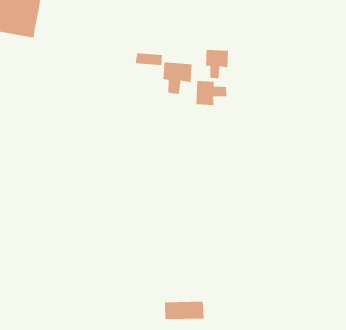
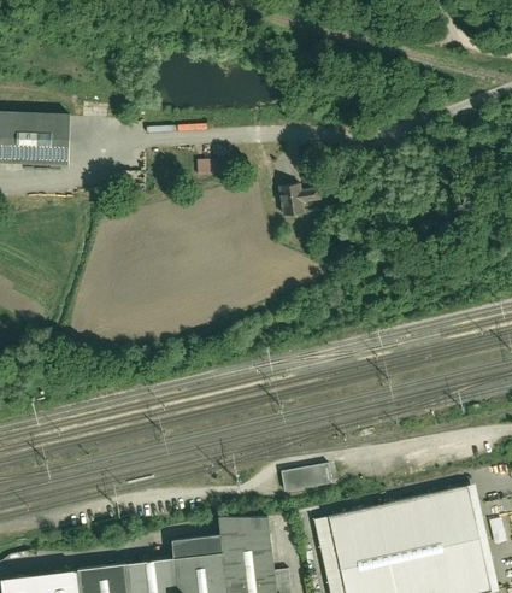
building: [205,49,229,79] -> none
building: [162,61,192,95] -> none

